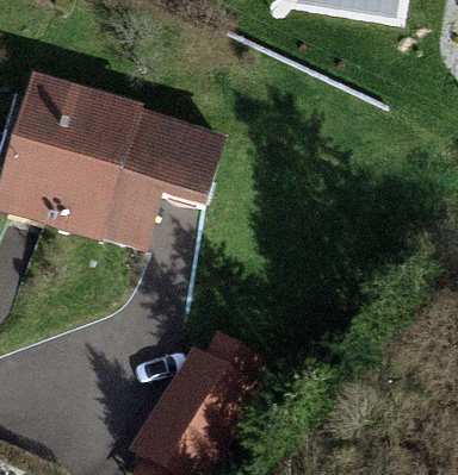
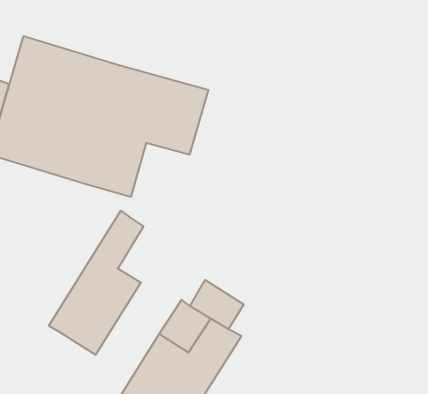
building: none -> [49,211,143,355]

